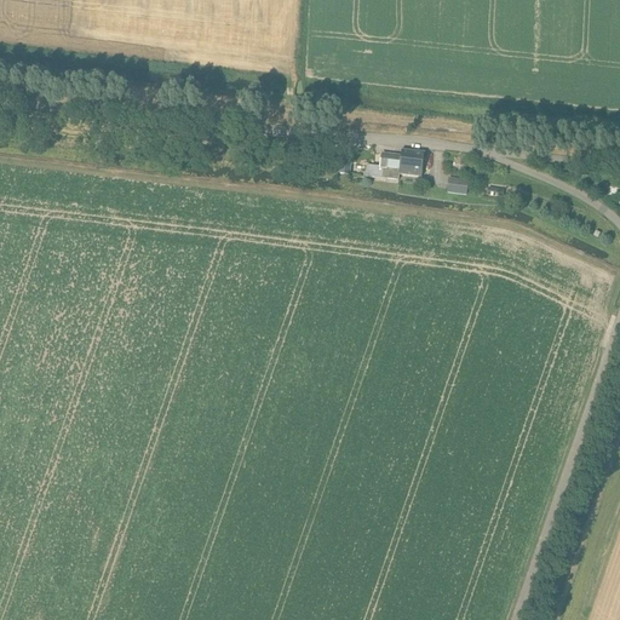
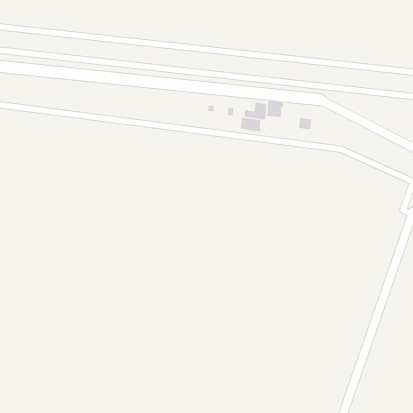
building: none -> [240,117,262,132]

